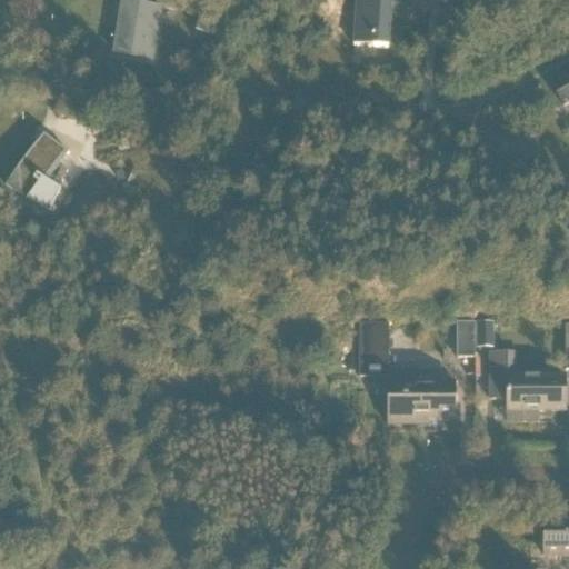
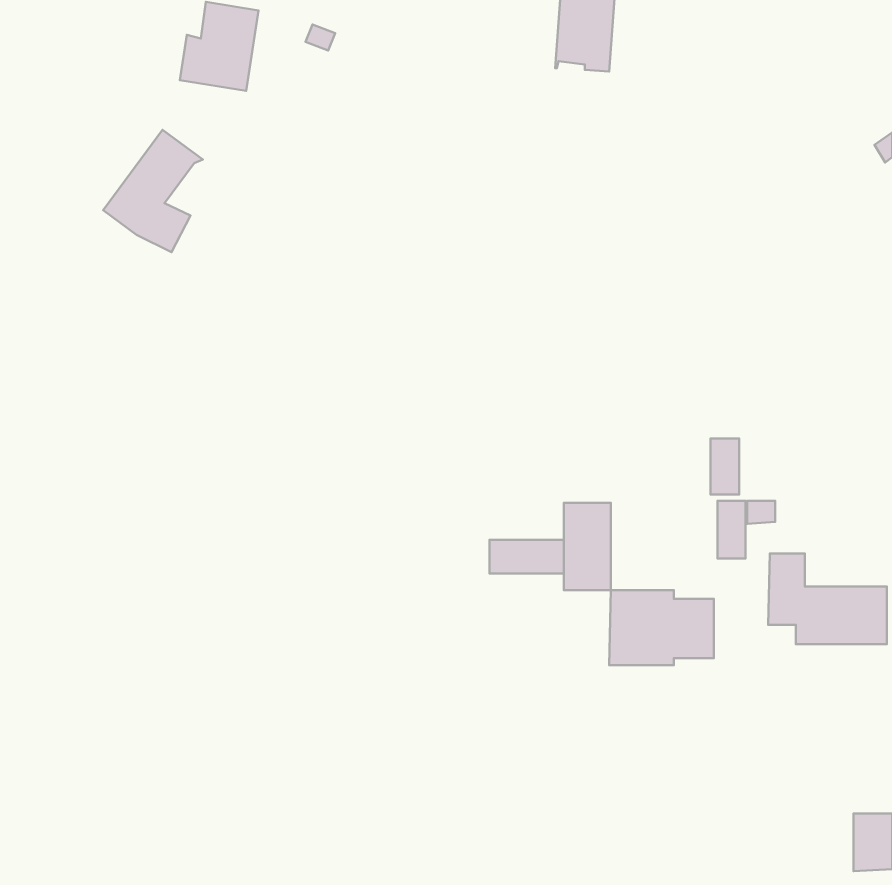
building: [6,132,69,210] -> [103,130,203,252]
building: none -> [710,439,739,495]
building: none -> [489,540,564,573]

